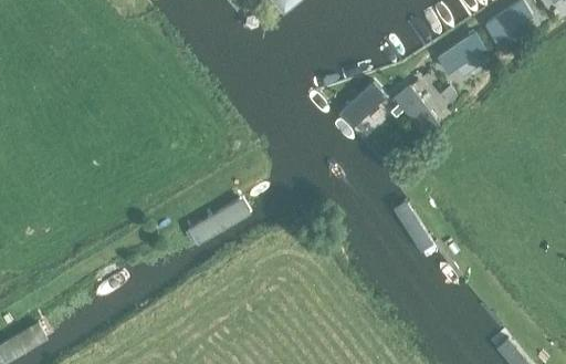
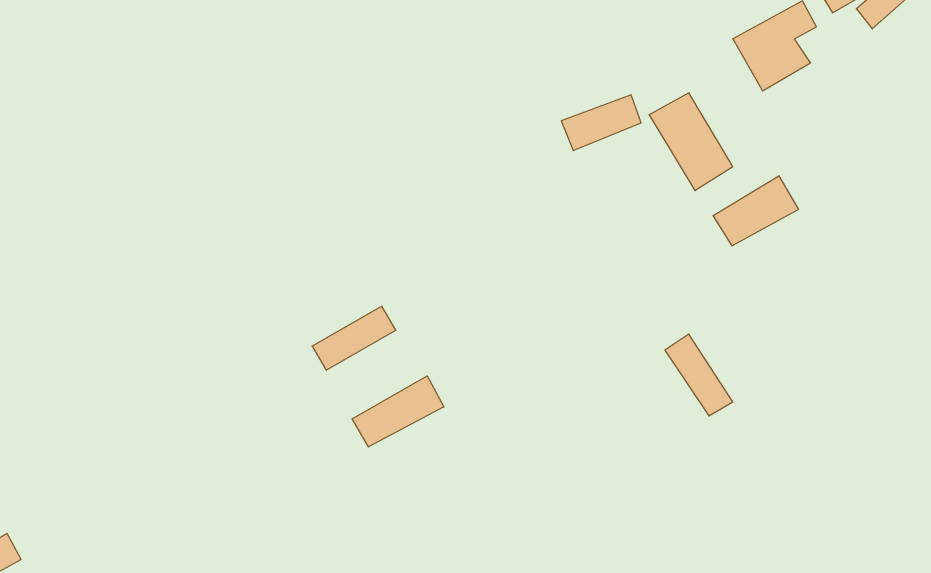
building: none -> [713,176,798,246]
building: none -> [352,376,444,447]

